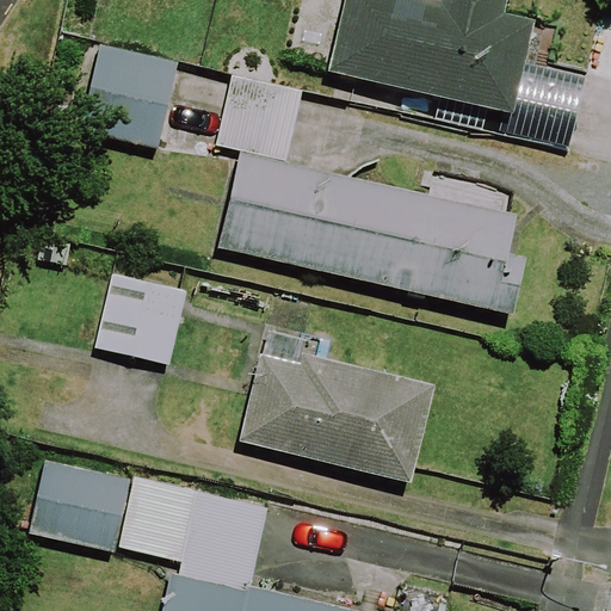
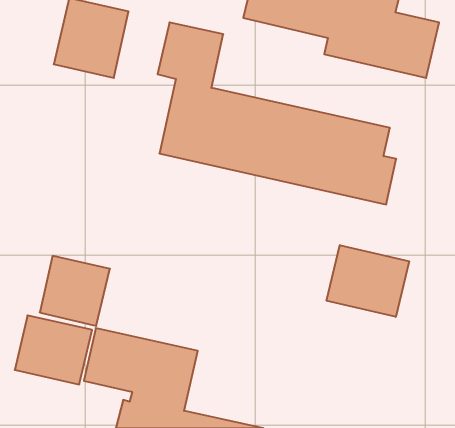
building: [94,273,186,365] -> [40,256,110,326]
building: [239,352,436,483] -> none
building: none -> [327,245,409,317]

